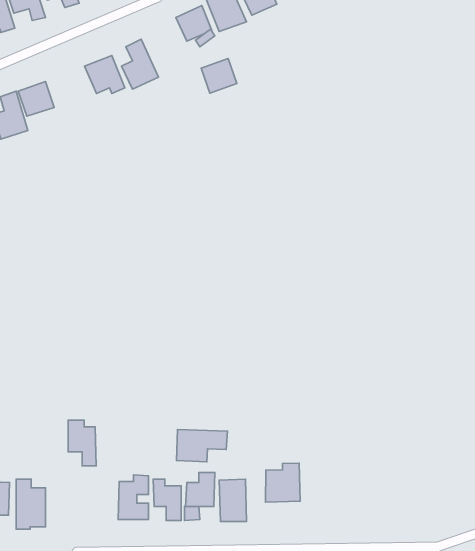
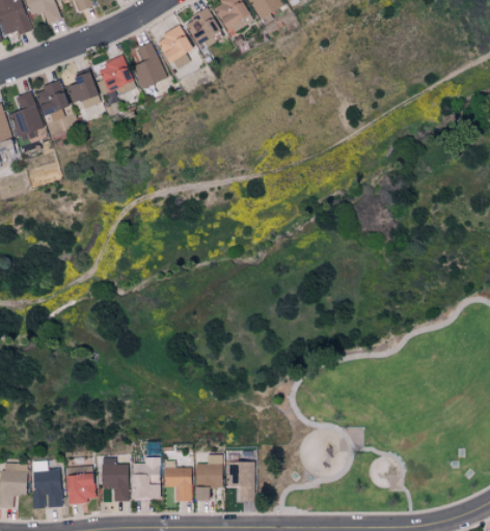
building: [201,58,237,93] -> [157,27,191,60]
building: none -> [67,71,100,107]
building: [68,420,96,466] -> [101,457,128,501]
building: [177,430,227,462] -> none
building: [266,463,300,502] -> none
building: none -> [65,473,94,502]

